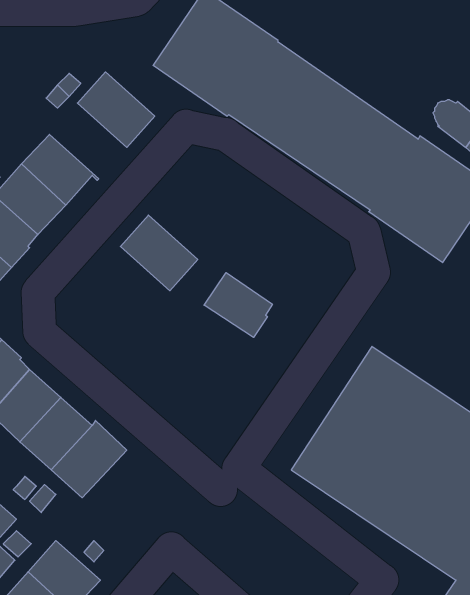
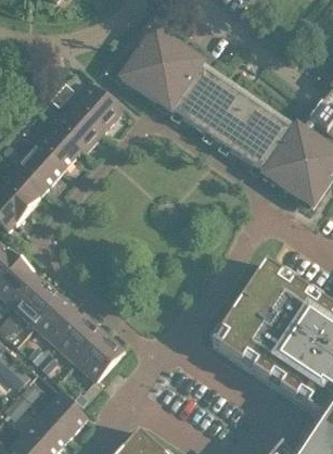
building: [120,215,198,291] -> [52,101,103,151]
building: [204,273,272,337] -> none
building: none -> [74,330,124,380]

